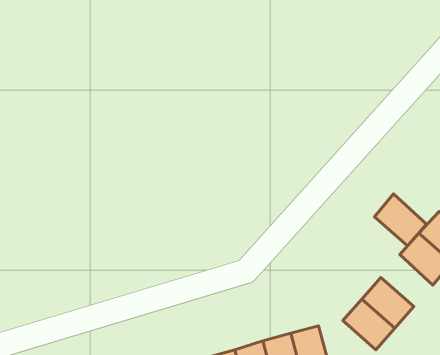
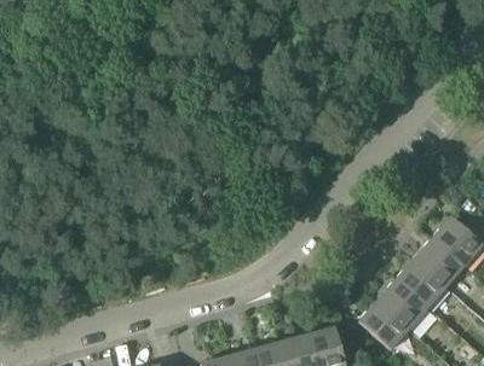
building: [375,194,427,246] -> [396,257,445,307]

